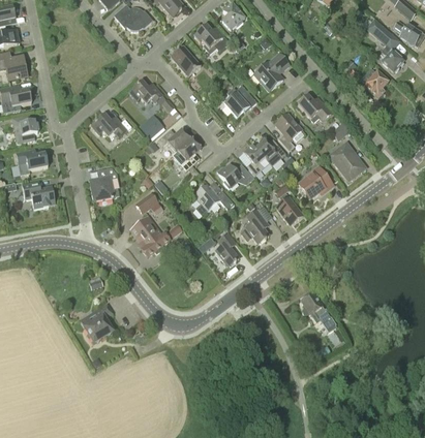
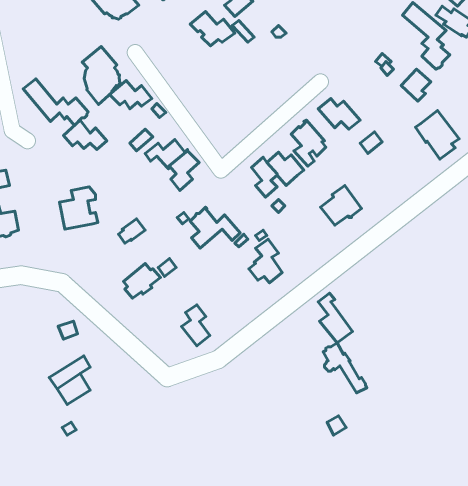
building: [170,44,201,76] -> none
building: [253,53,289,91] -> none
building: none -> [82,46,120,105]
building: none -> [23,79,88,125]
building: [223,84,256,117] -> none
building: [328,142,363,181] -> [416,111,459,159]
building: [216,163,253,188] -> none
building: [274,184,302,224] -> [318,293,353,343]
building: [129,215,157,243] -> none
building: [215,233,238,267] -> [182,305,210,346]

